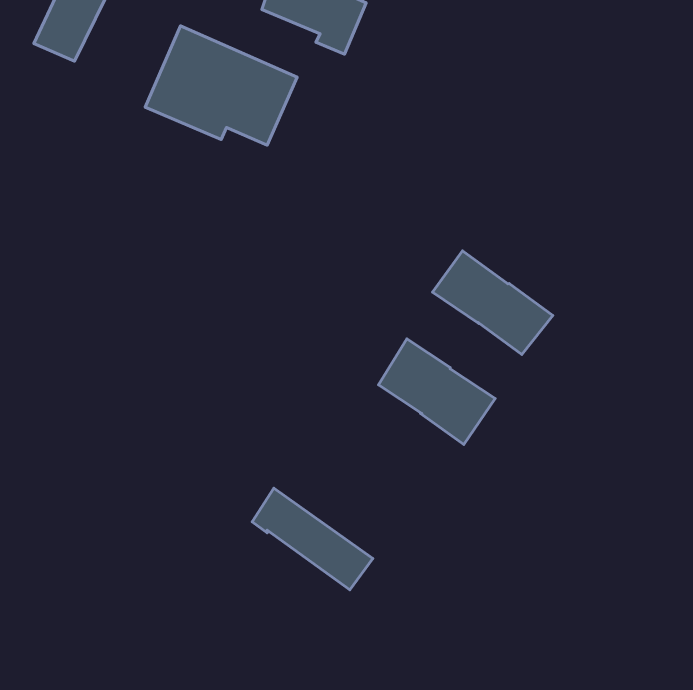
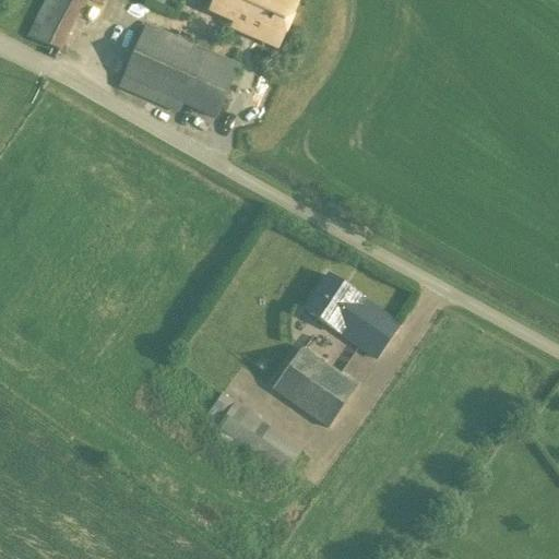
building: [433,251,553,354] -> none
building: none -> [271,346,356,428]

